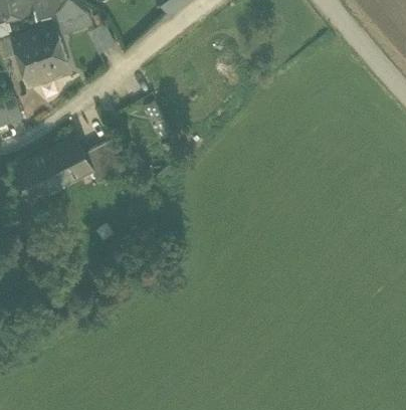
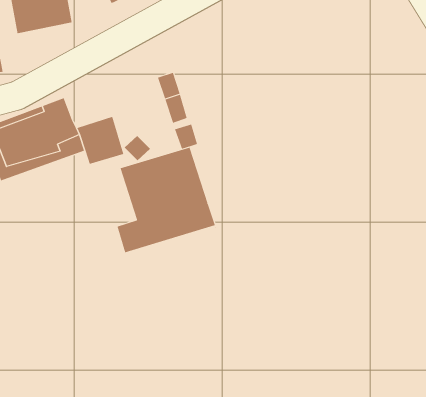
building: none -> [117,147,217,253]

